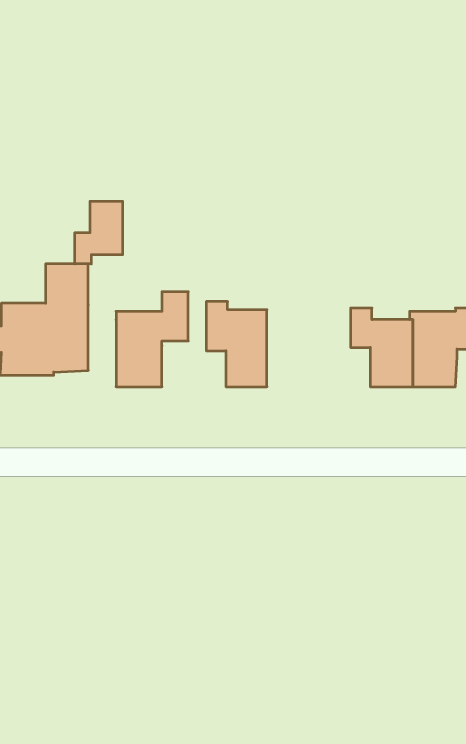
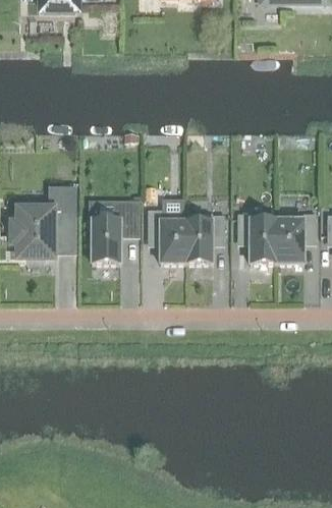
building: [75,201,123,264] -> none
building: none -> [185,215,224,263]

